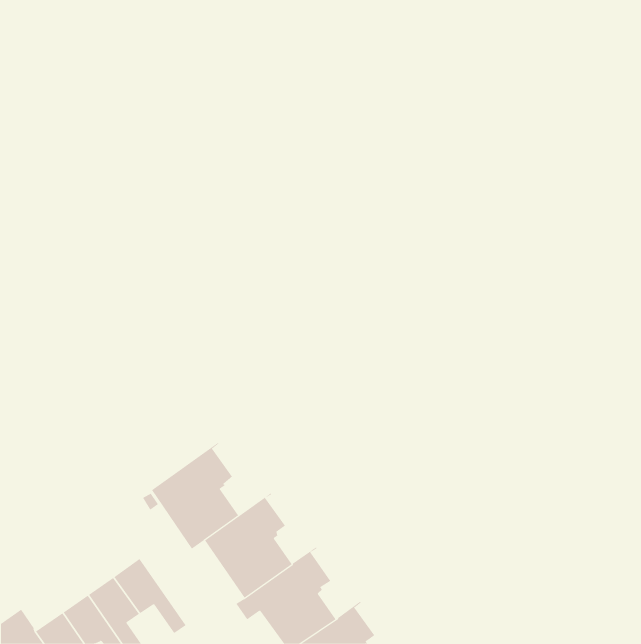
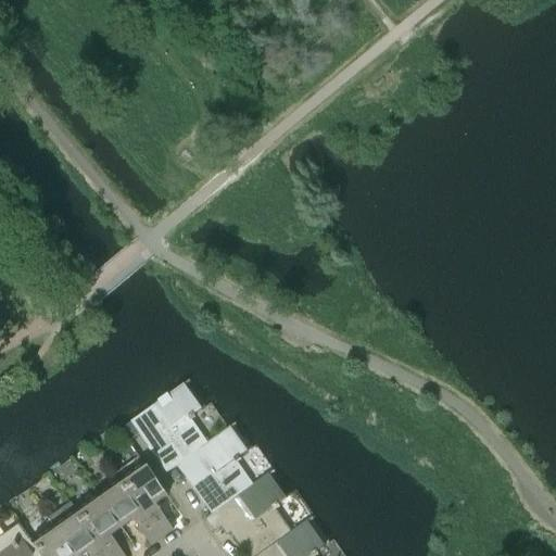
building: none -> [119,459,174,539]

